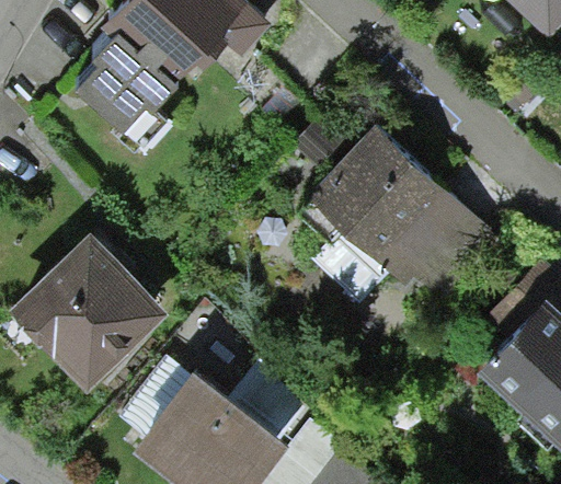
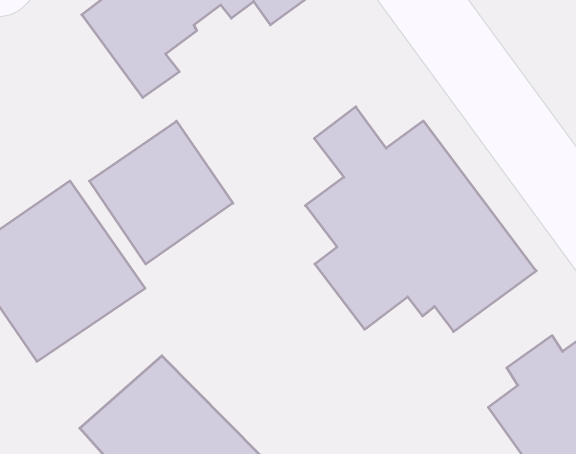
building: none -> [89,121,233,264]

